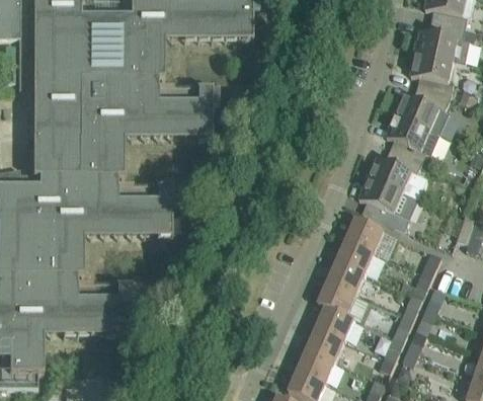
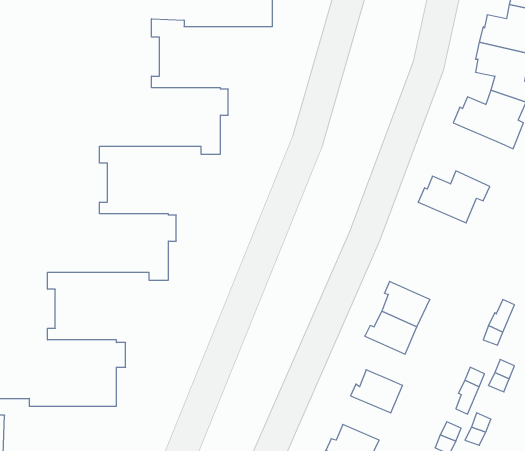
building: [386,113,439,163] -> none
building: [358,175,418,230] -> none
building: [343,218,384,251] -> none
building: [318,279,355,315] -> none
building: [307,326,344,360] -> none

